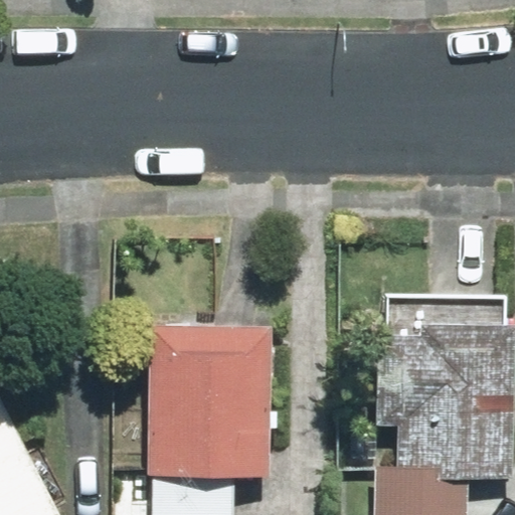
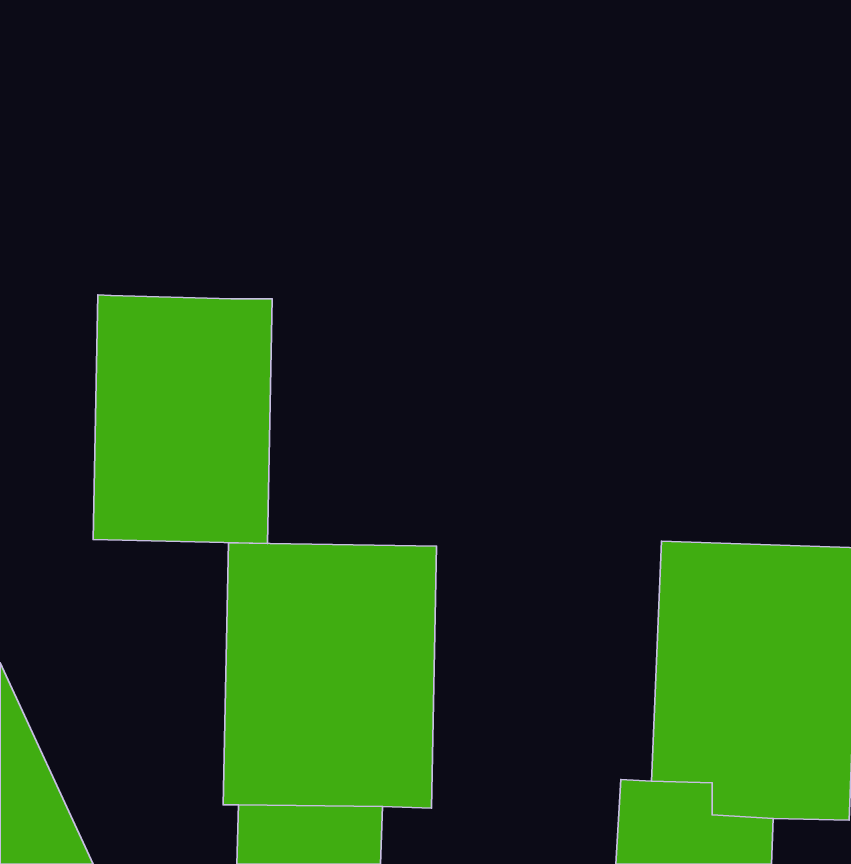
building: none -> [93,295,272,543]

